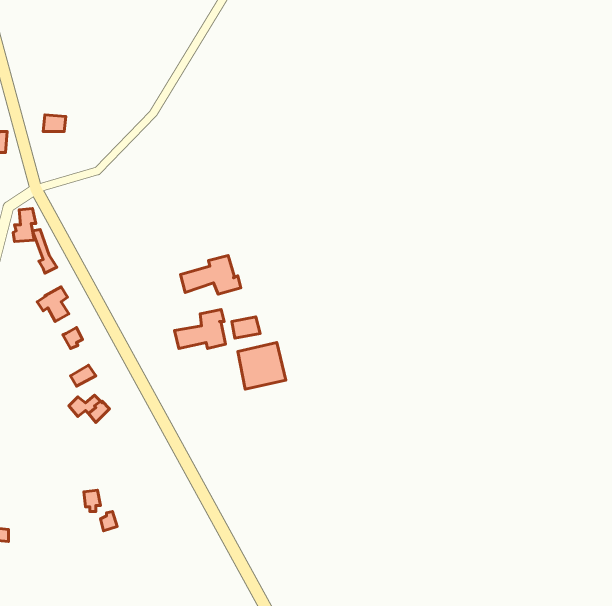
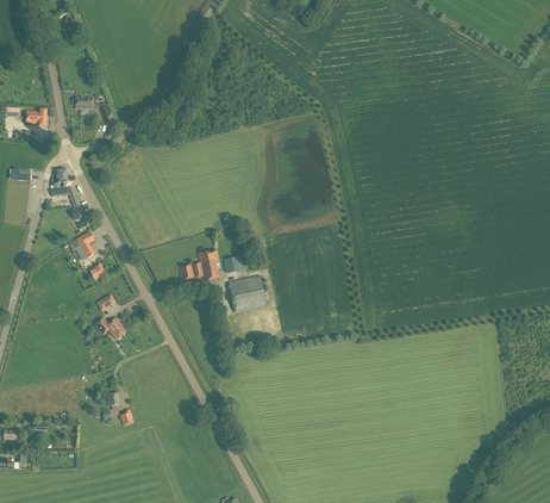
building: [181,255,241,294] -> none

